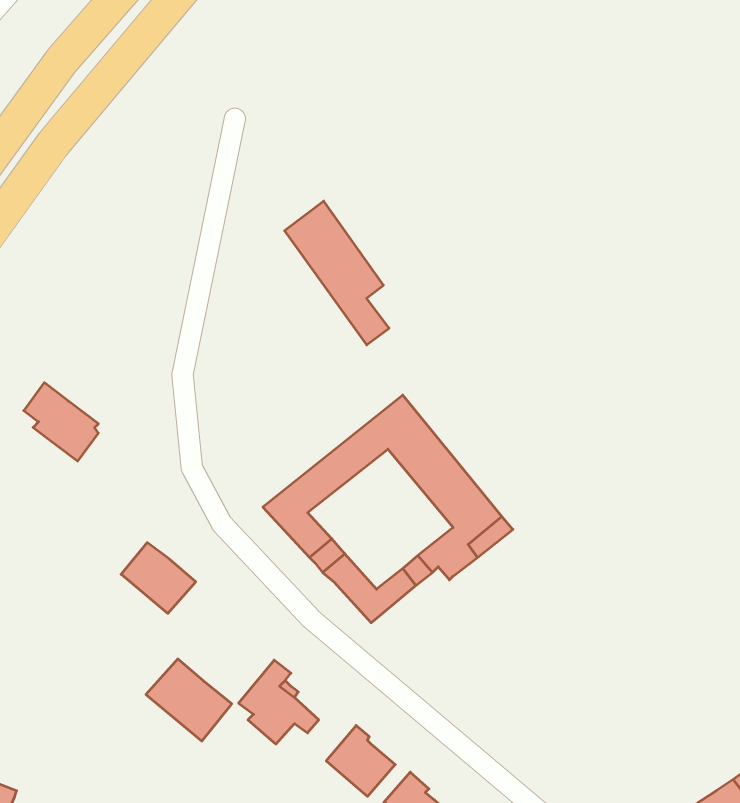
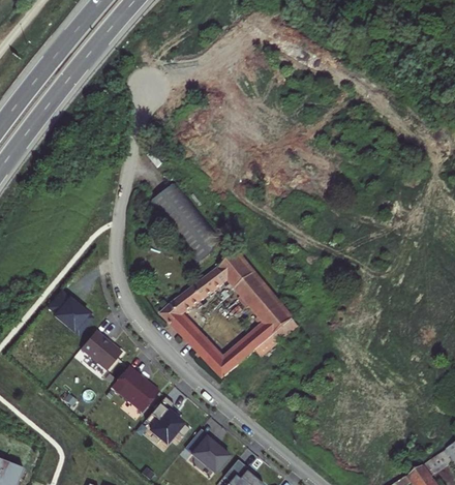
building: [285,201,389,345] -> [154,182,212,262]
building: [24,383,98,461] -> [48,293,89,336]
building: [146,659,232,741] -> [112,367,159,413]

